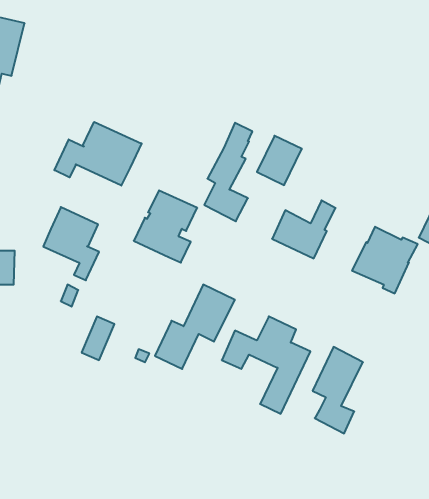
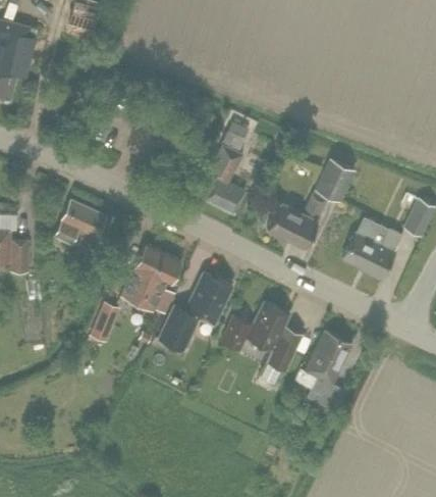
building: [54,122,142,186] -> none
building: [257,136,302,185] -> [314,157,356,203]
building: [134,190,197,263] -> [121,245,180,312]

